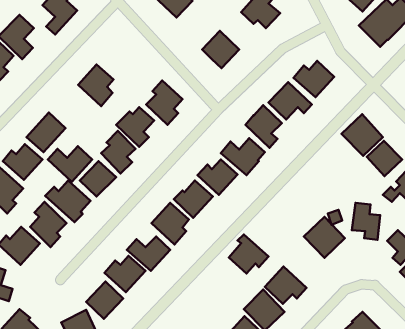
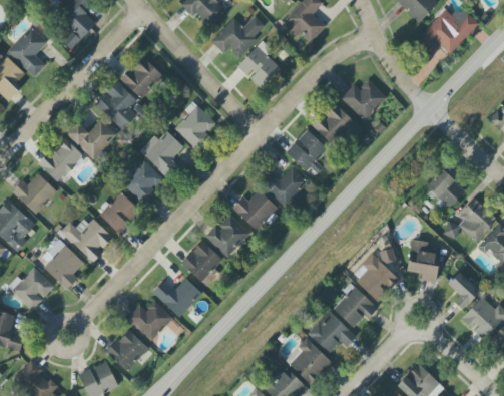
building: none -> [210,16,267,57]
building: none -> [120,57,162,98]
building: [341,114,383,156] -> none
building: [48,146,92,182] -> [66,119,116,159]
building: [229,234,269,273] -> [333,283,378,327]

